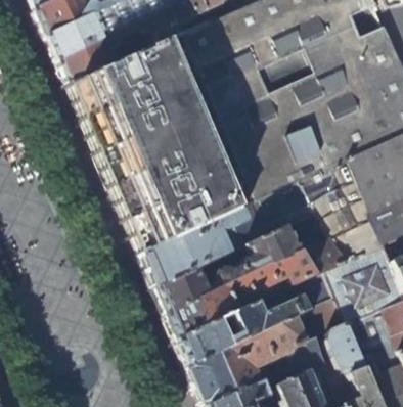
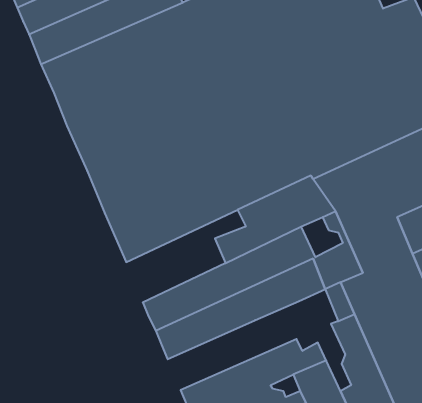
building: [140,207,243,286] -> none
building: [176,298,302,362] -> none

